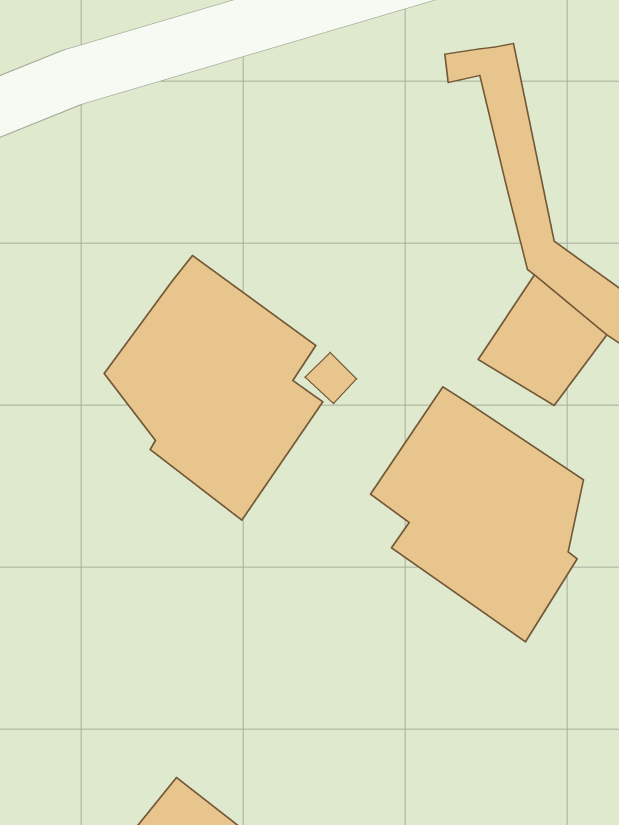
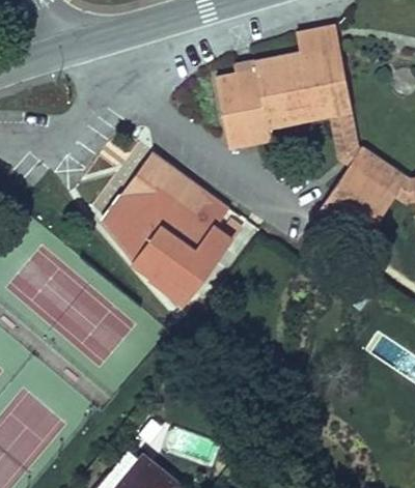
building: none -> [219,46,335,146]
building: [370,387,584,642] -> none

